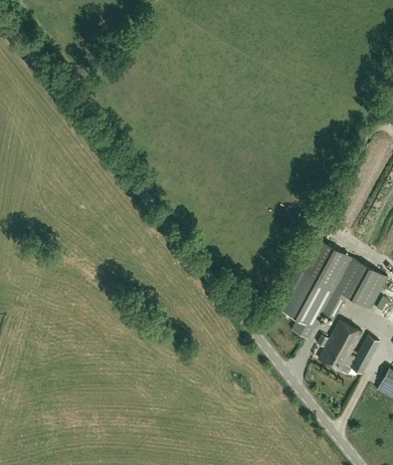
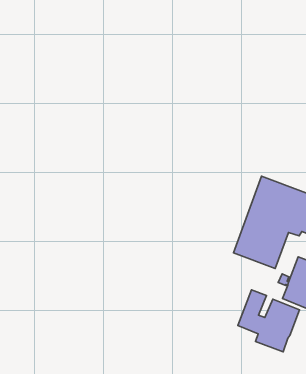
building: none -> [238,290,300,352]

